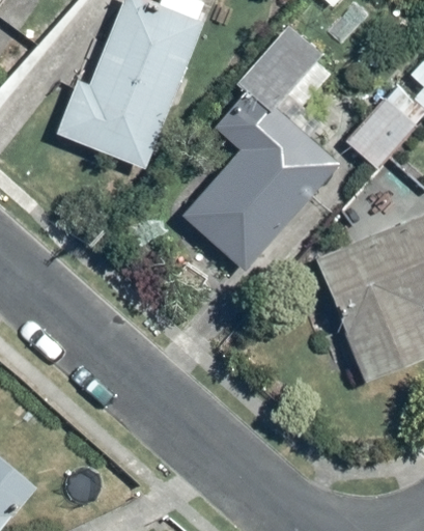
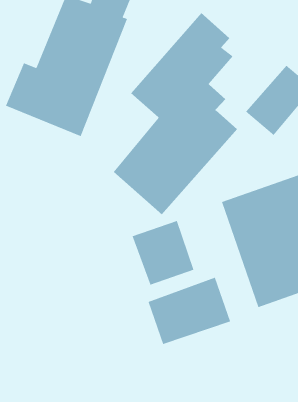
building: none -> [132,220,194,286]
building: none -> [148,277,231,345]

